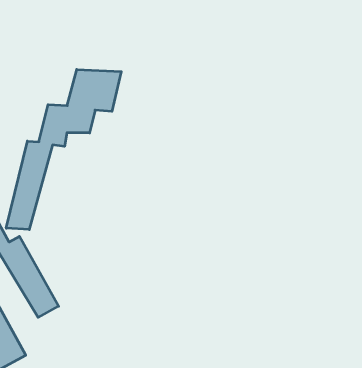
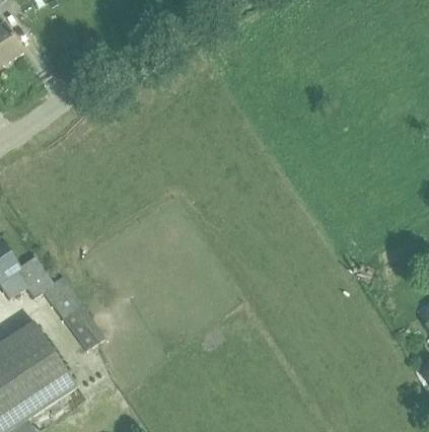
building: [6,69,121,230] -> none

